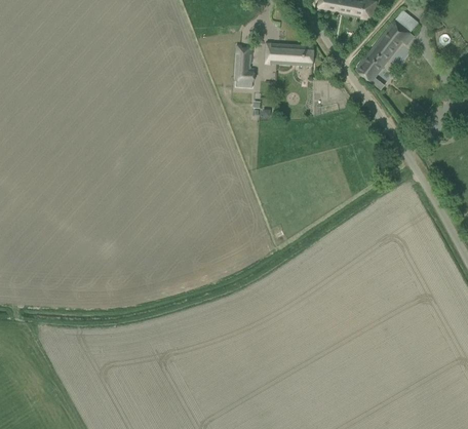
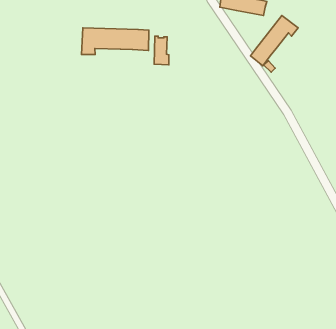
building: none -> [82,28,149,55]
building: [265,42,315,66] -> none

